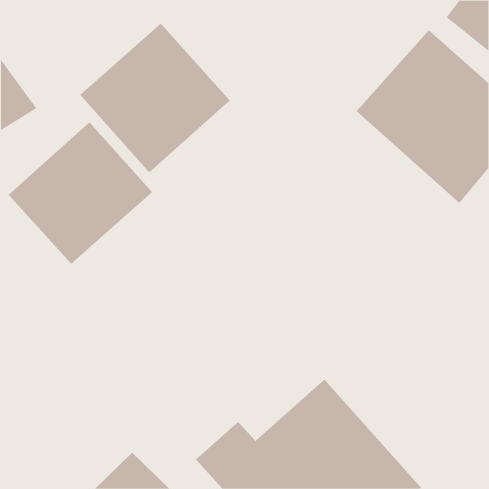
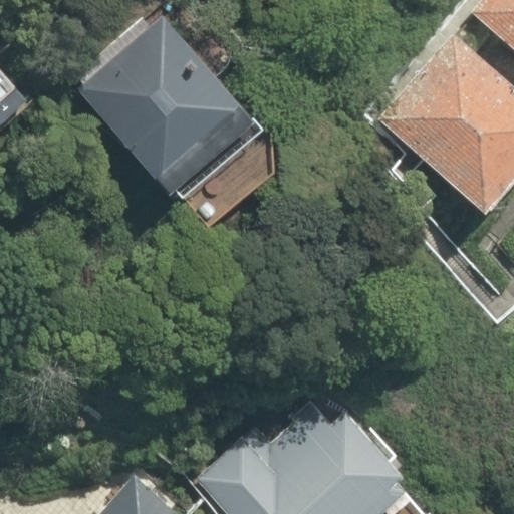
building: [8,122,153,265] -> none

